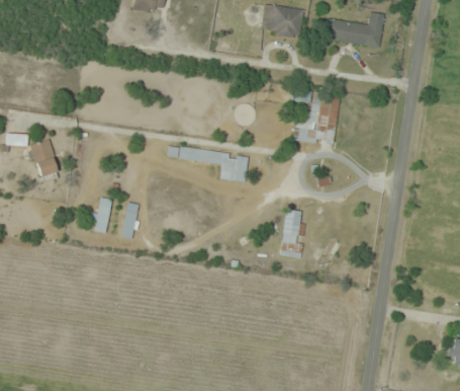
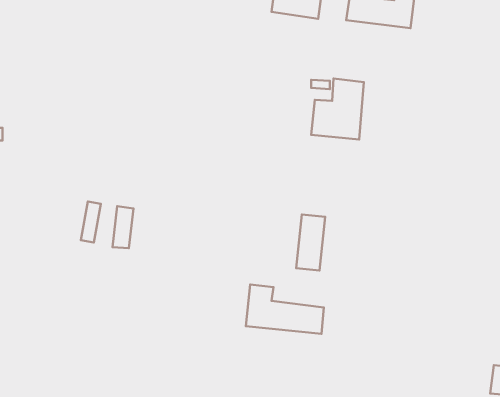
building: [29,140,59,178] -> none
building: [166,145,248,182] -> none
building: none -> [246,285,324,334]

